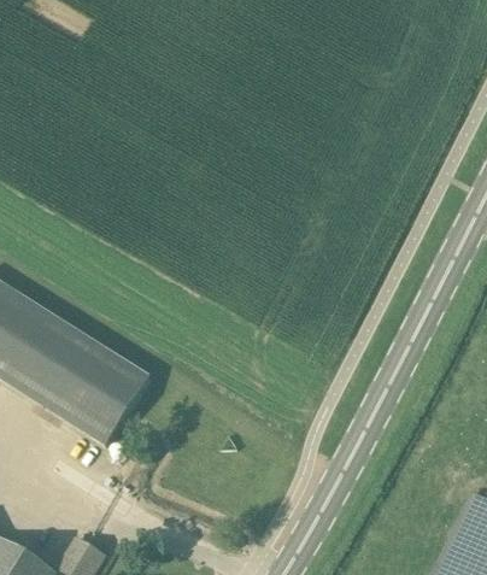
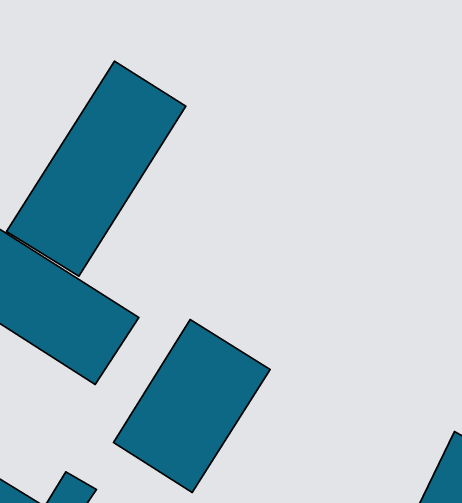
building: none -> [7,61,186,276]
building: none -> [113,320,270,492]

